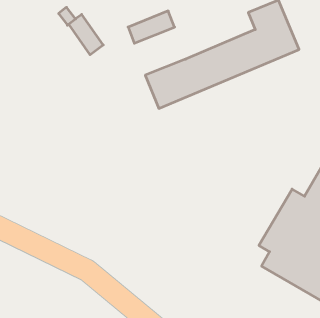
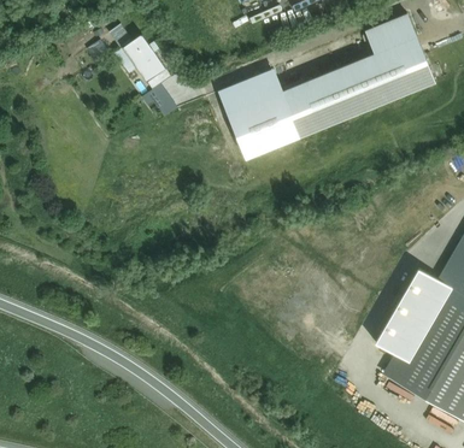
building: [128,11,175,43] -> [218,72,281,116]
building: none -> [142,86,178,118]

